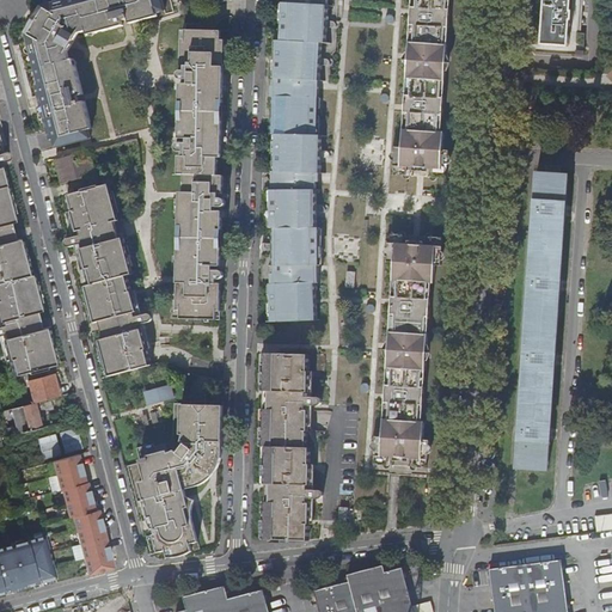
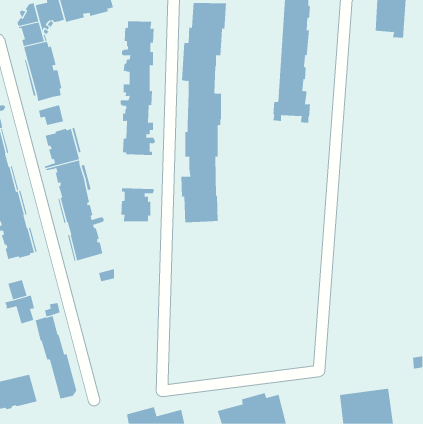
building: [514,172,565,469] -> none
building: [175,222,221,271] -> none
building: [373,233,441,466] -> none
building: [264,351,322,539] -> none
building: [26,373,60,402] -> none
building: [136,404,221,556] -> none

